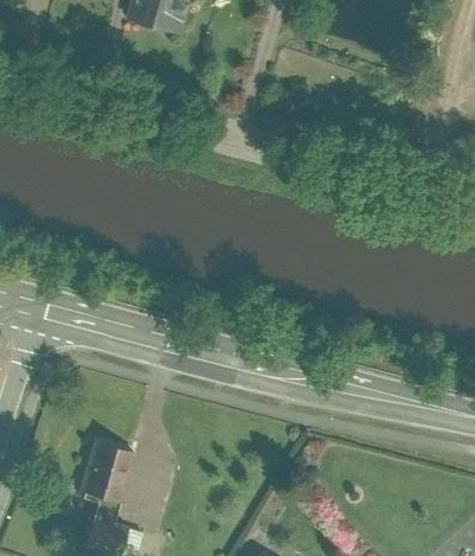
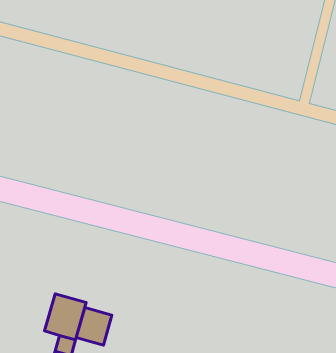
building: none -> [76,308,112,345]

